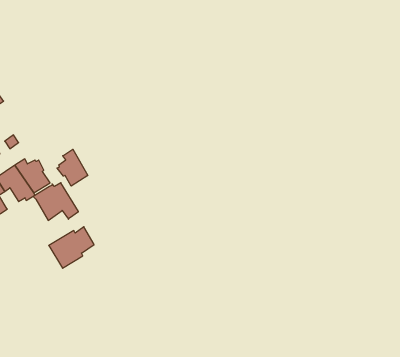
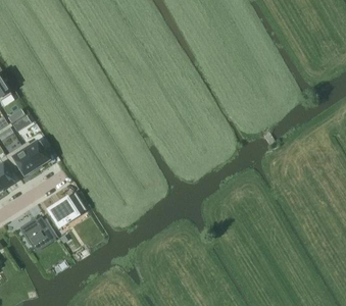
building: [57,149,88,186] -> none
building: [33,183,78,220] -> [18,216,55,247]

